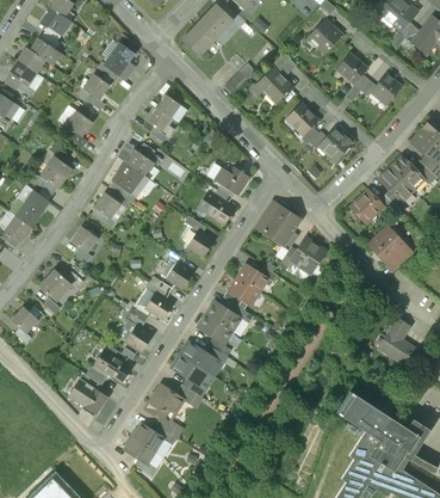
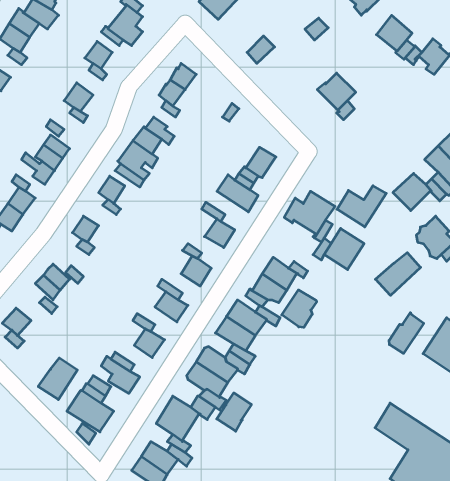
building: [258,68,291,103] -> none
building: [318,127,351,159] -> none
building: none -> [337,186,386,227]
building: none -> [375,253,421,295]
building: none -> [282,290,317,327]
building: none -> [389,313,424,353]
building: none -> [38,358,77,400]
building: none -> [217,393,251,431]

